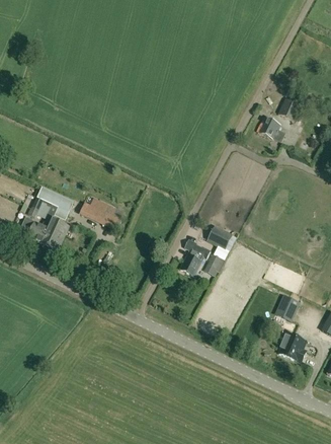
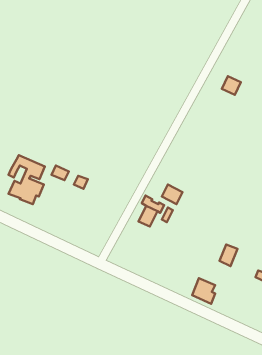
building: [258,115,285,140] -> none
building: [278,331,306,362] -> [192,278,215,304]

